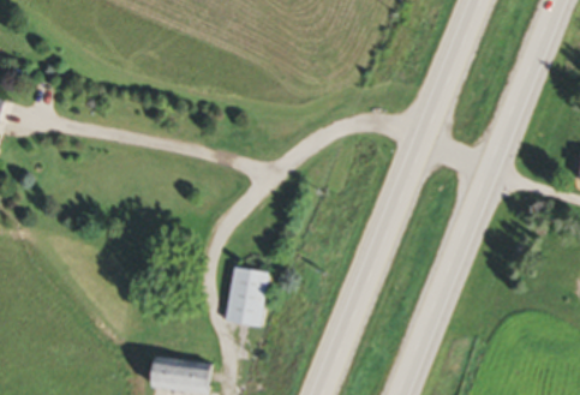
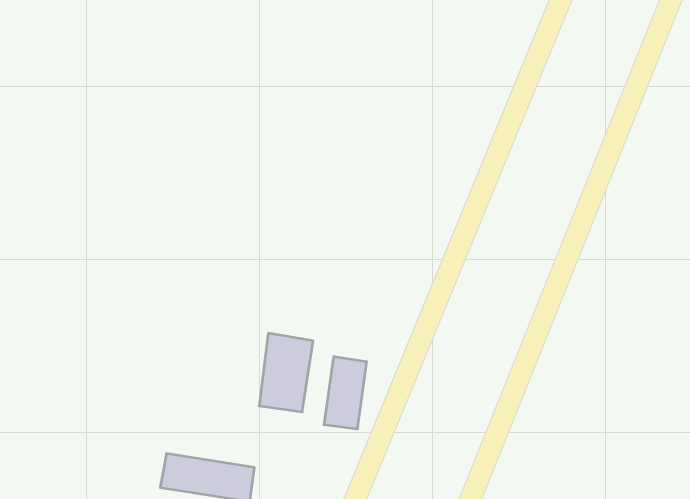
building: none -> [324,356,367,429]

